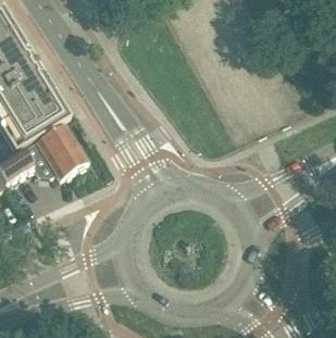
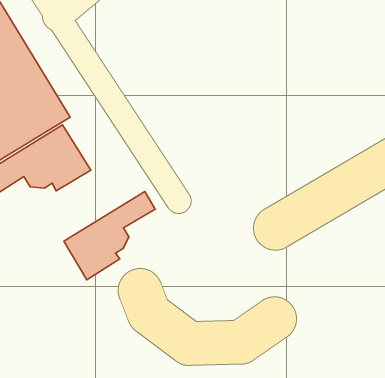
building: none -> [64,192,155,280]

